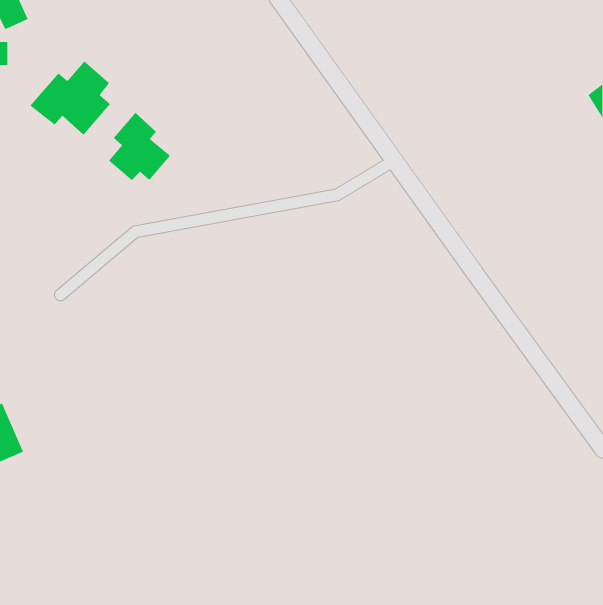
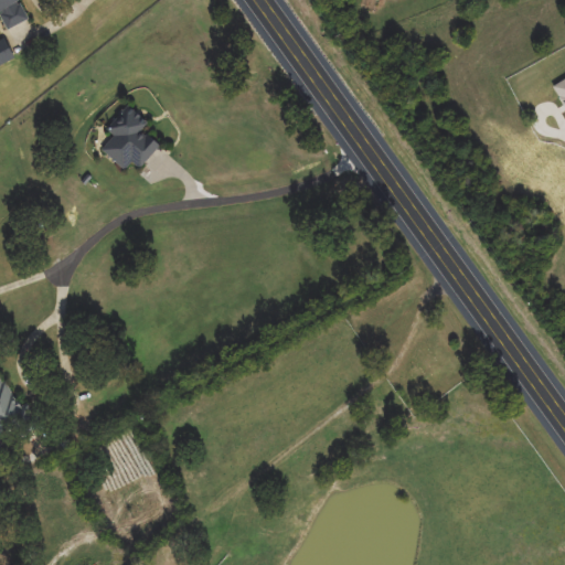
building: [30,61,111,136] -> none

